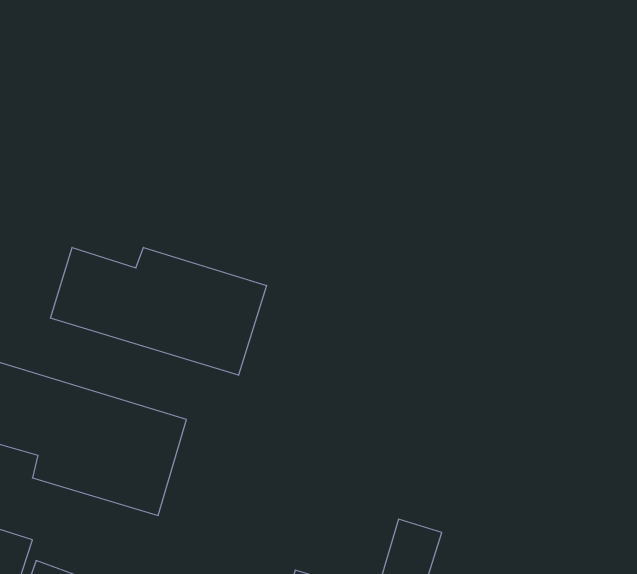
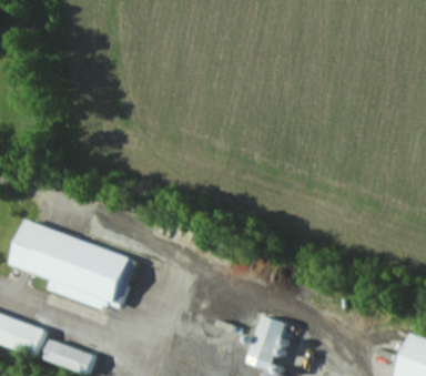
building: [50,247,267,375] -> none

